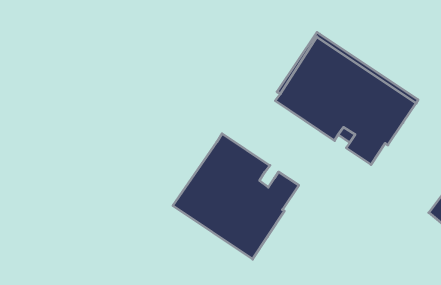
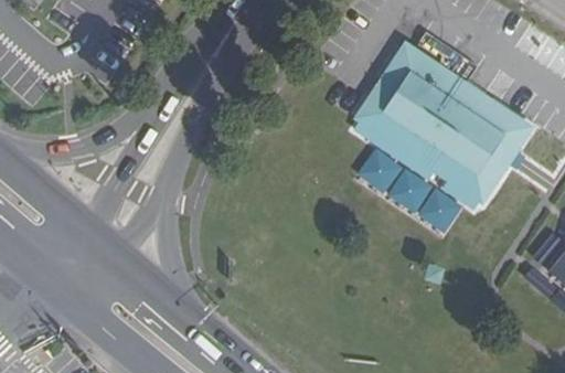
building: [173,134,299,259] -> none

